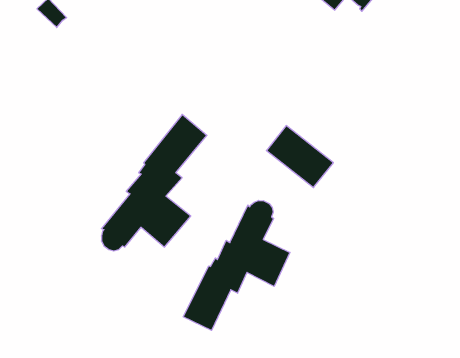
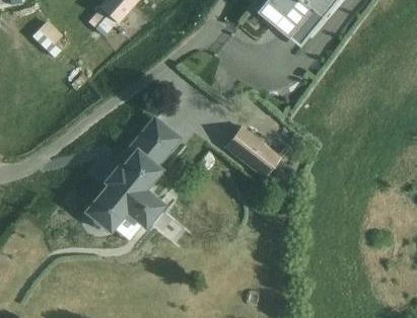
building: [183,200,290,330] -> none

